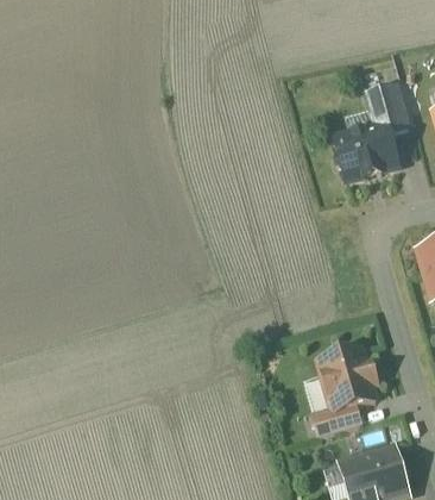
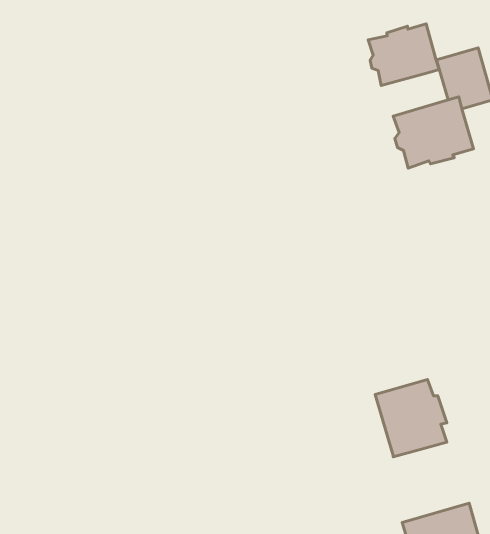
building: none -> [368,24,439,85]
building: [313,402,360,435] -> none

